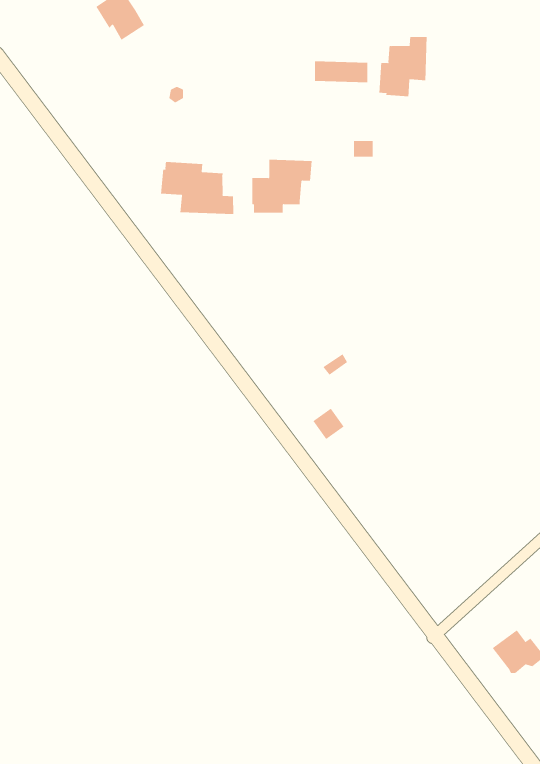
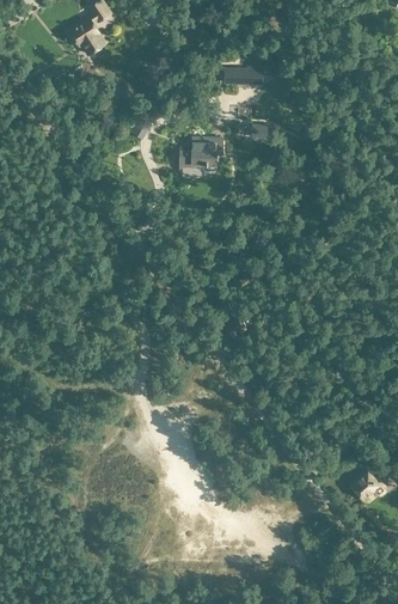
building: [379,36,427,97] -> none
building: [161,161,234,215] -> none

